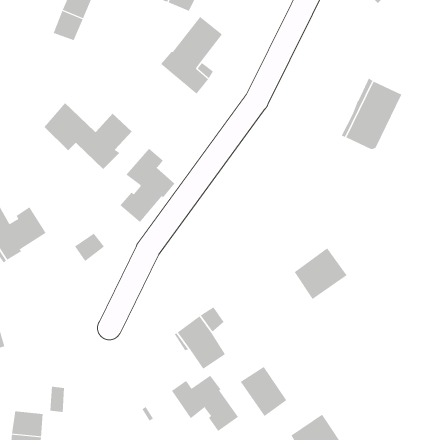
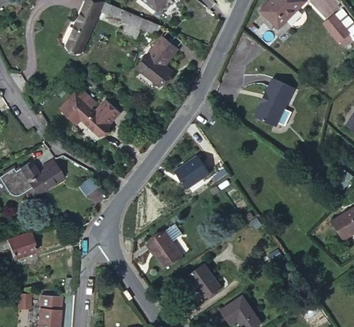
building: [120,148,175,223] -> none
building: [294,248,347,300] -> [174,156,209,190]
building: [171,375,239,432] -> none

